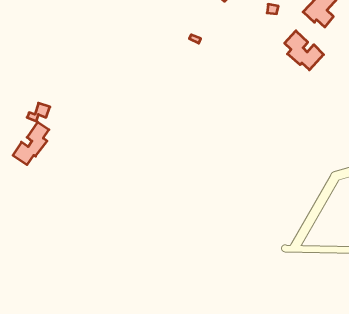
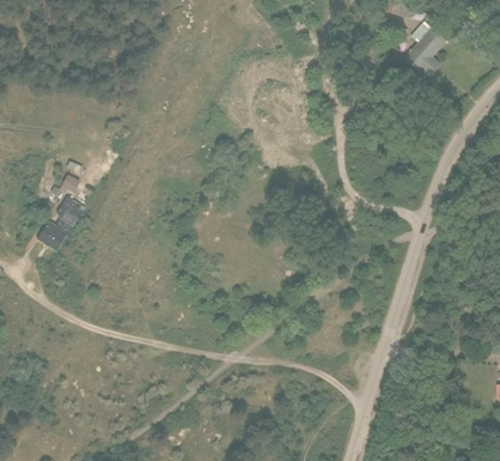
building: [285,31,324,70] -> none

